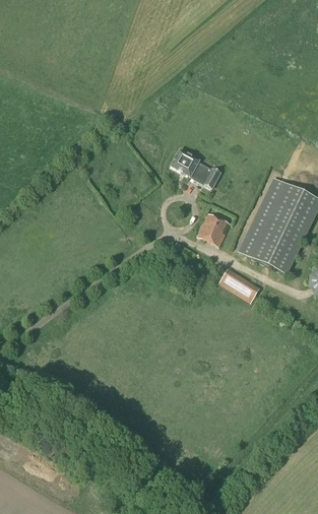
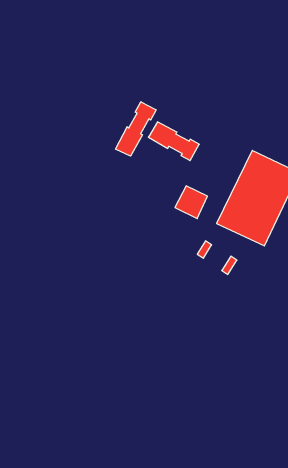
building: none -> [116,102,156,156]

